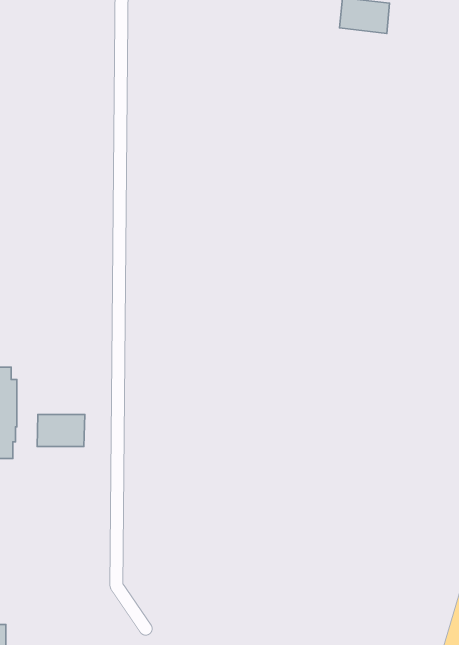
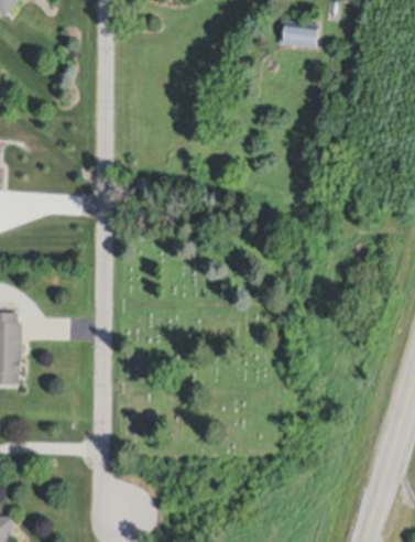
building: [37,415,85,446] -> none

